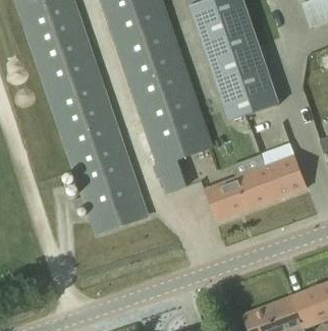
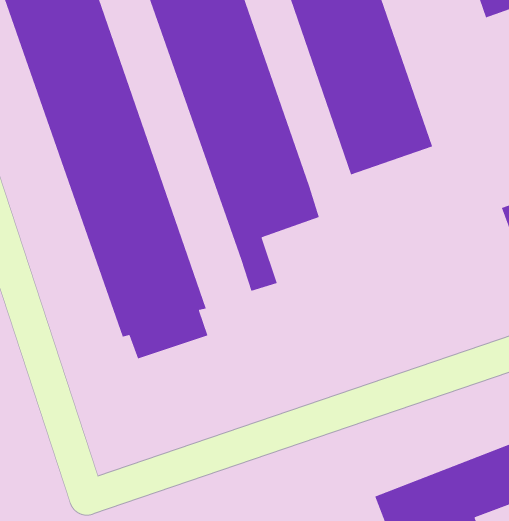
building: [205,143,308,222] -> none

